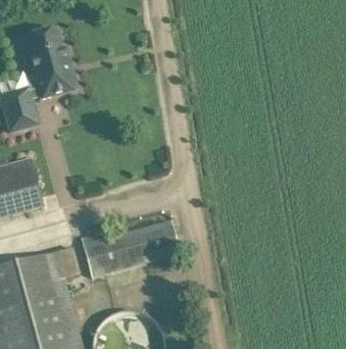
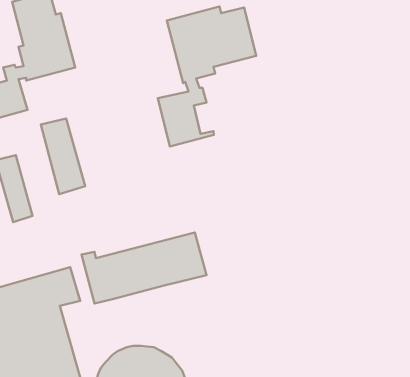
building: none -> [158,7,256,147]
building: none -> [41,119,85,194]

